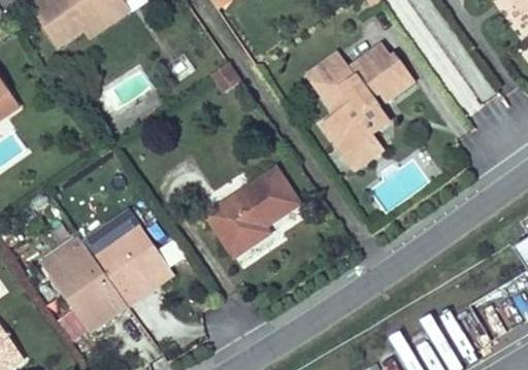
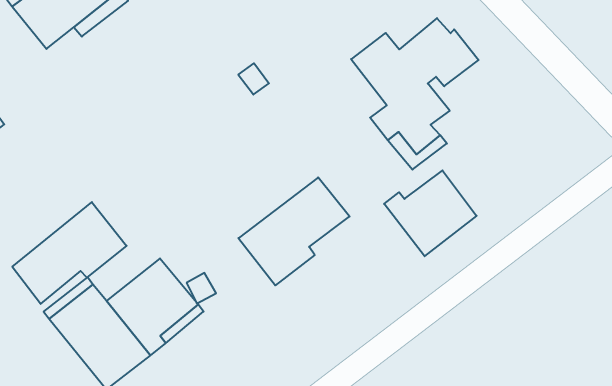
building: none -> [384,170,477,256]
building: none -> [12,202,127,304]

